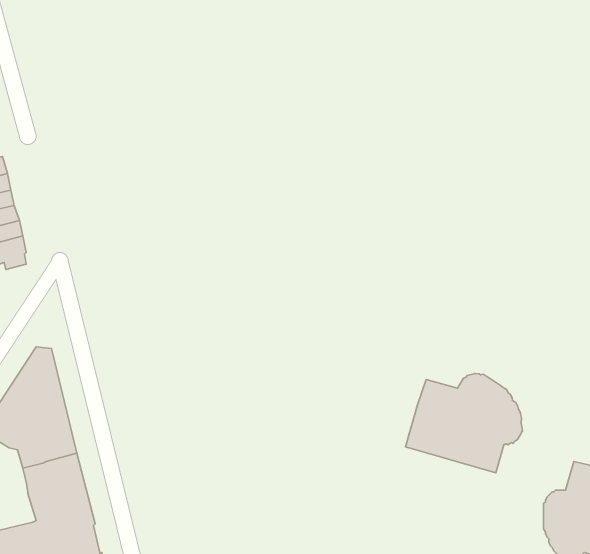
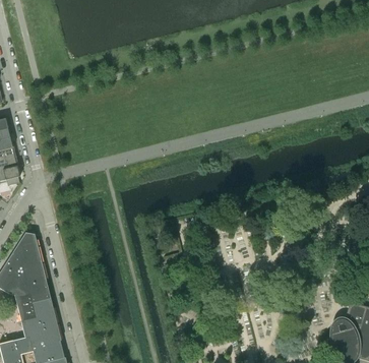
building: [406,374,523,473] -> none

